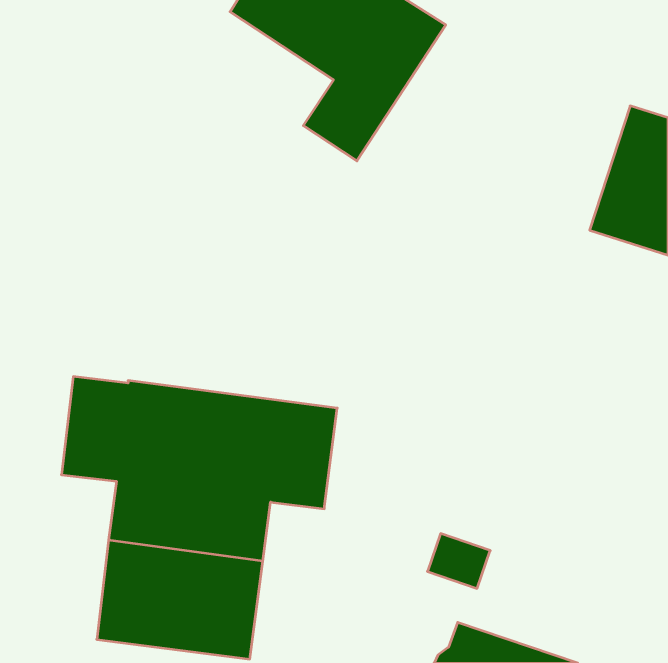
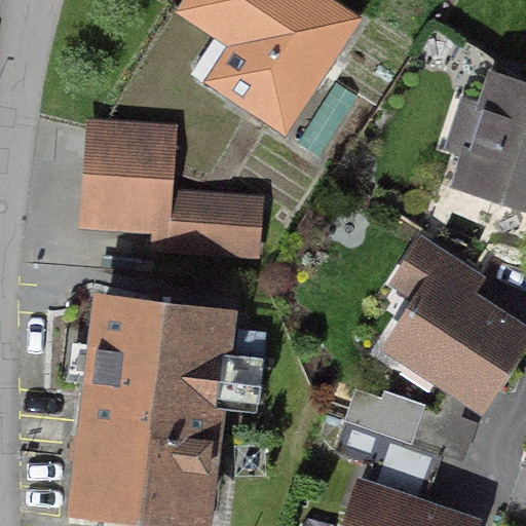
building: none -> [80,123,264,258]
building: none -> [389,277,520,401]

